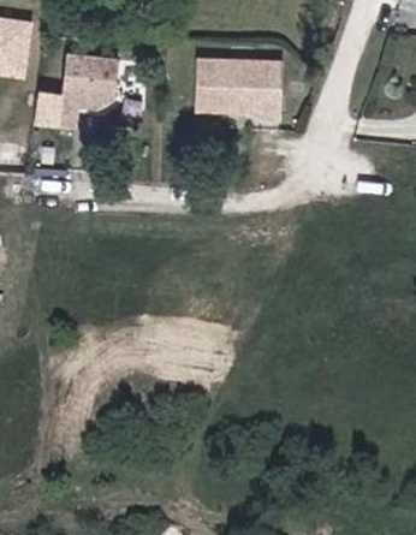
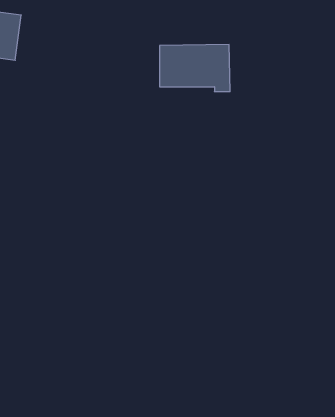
building: [35,57,113,130] -> none

